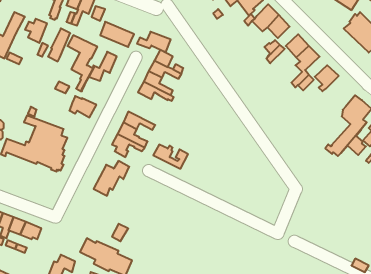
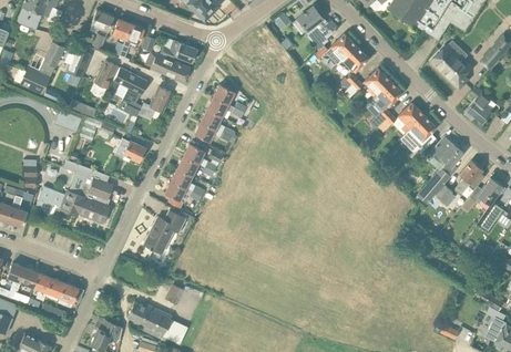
building: [137,32,171,52] -> [159,40,197,63]
building: none -> [410,115,437,156]
building: [153,145,188,169] -> [183,144,223,172]

